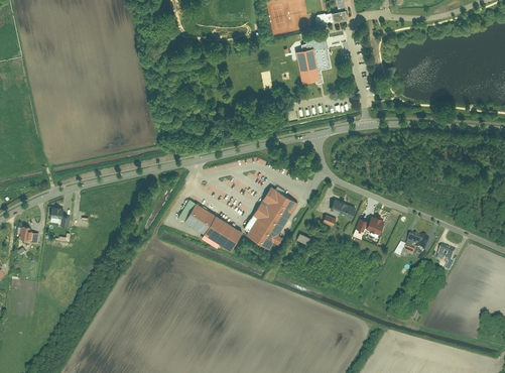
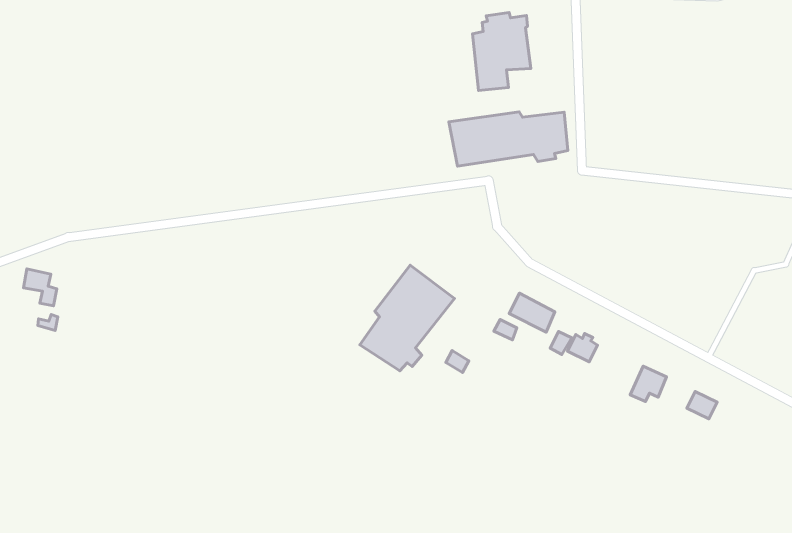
building: none -> [449,112,568,166]
building: [184,204,243,251] -> none

